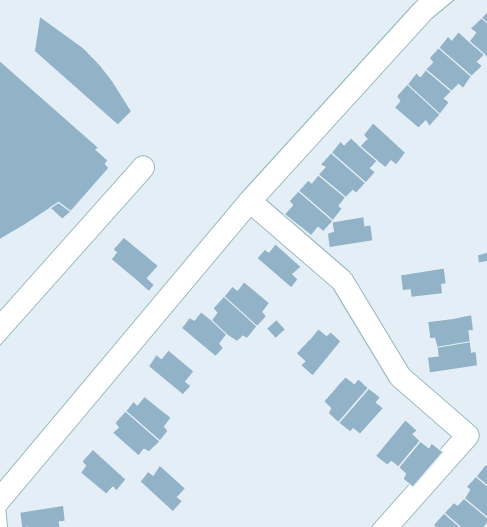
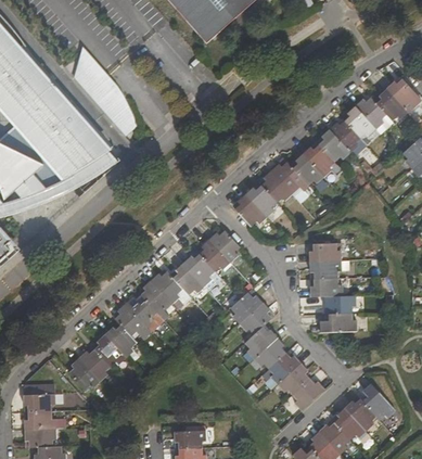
building: none -> [303,144,334,177]
building: [327,217,373,247] -> [309,243,341,262]
building: [111,237,158,292] -> [141,280,174,320]
building: none -> [200,238,232,270]
building: none -> [310,278,342,297]
building: none -> [240,303,272,334]
building: none -> [115,304,148,335]
building: none -> [268,353,300,385]
building: [140,465,186,512] -> [80,347,112,381]

